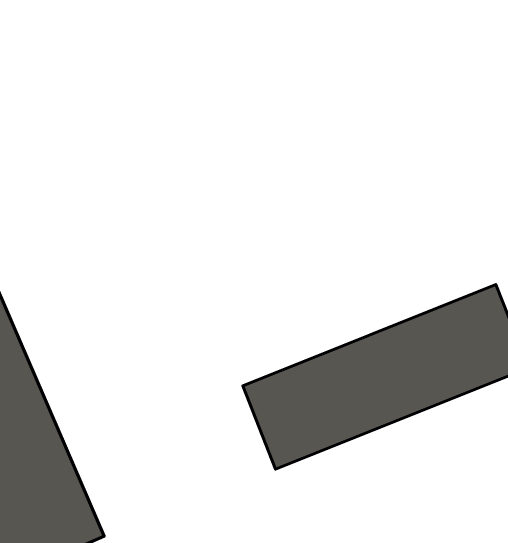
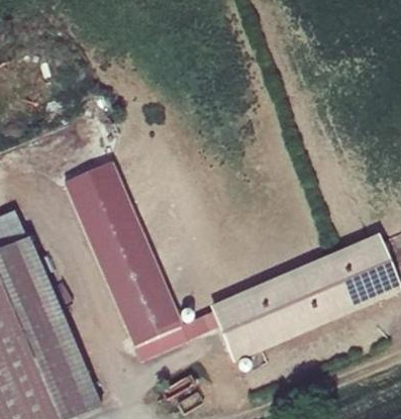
building: none -> [67,163,183,346]

